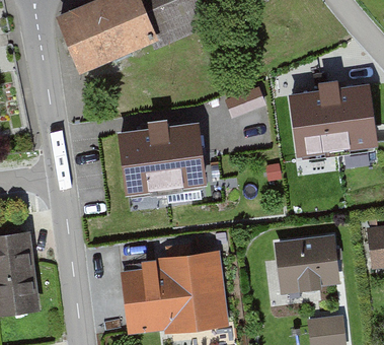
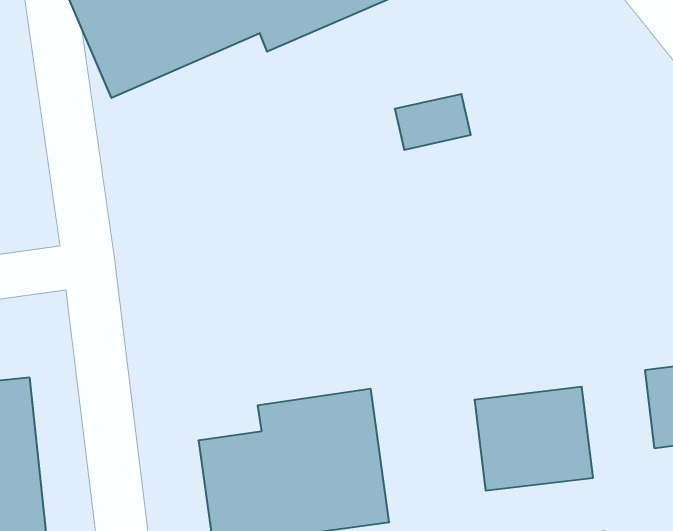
building: [290,89,376,165] -> none
building: [120,120,207,191] -> none

